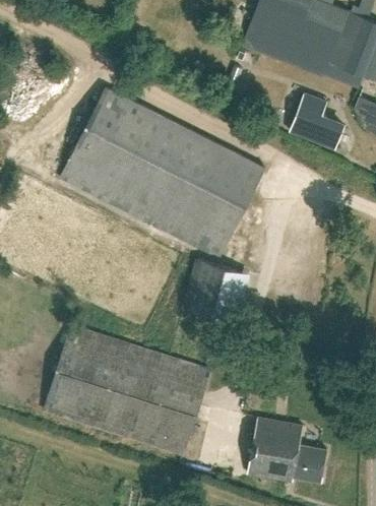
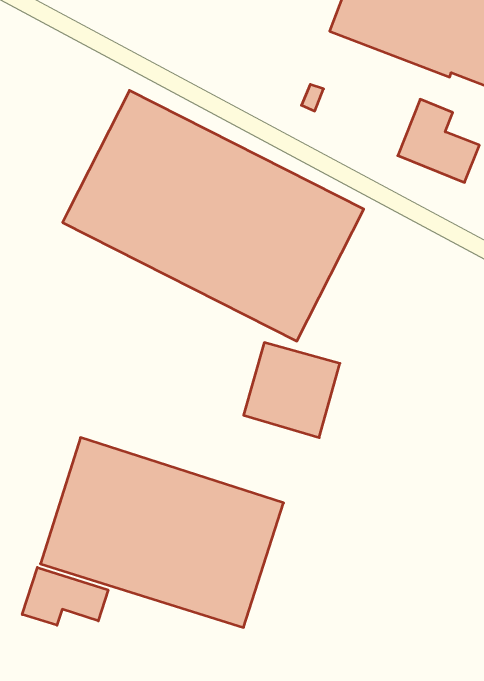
building: none -> [22,567,108,625]
building: [249,418,328,483] -> none

